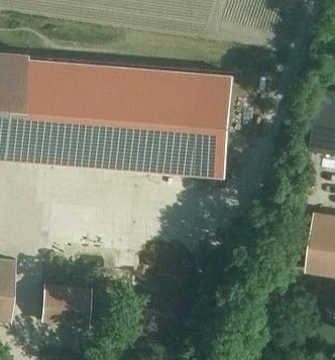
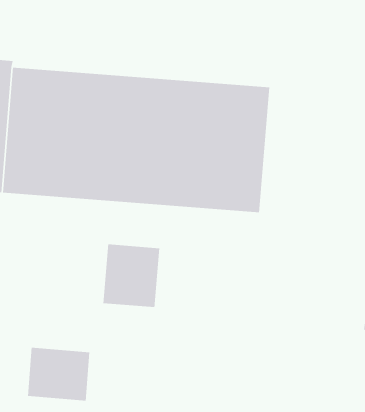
building: none -> [103,244,160,308]

